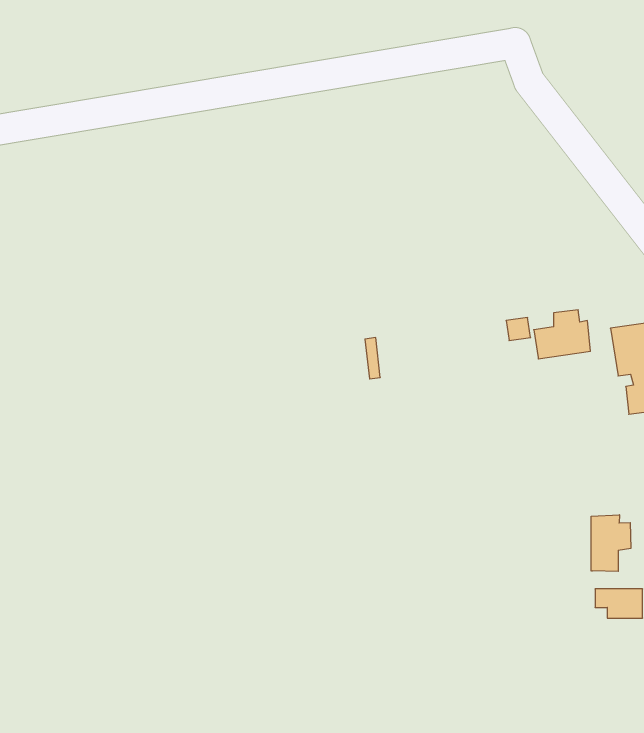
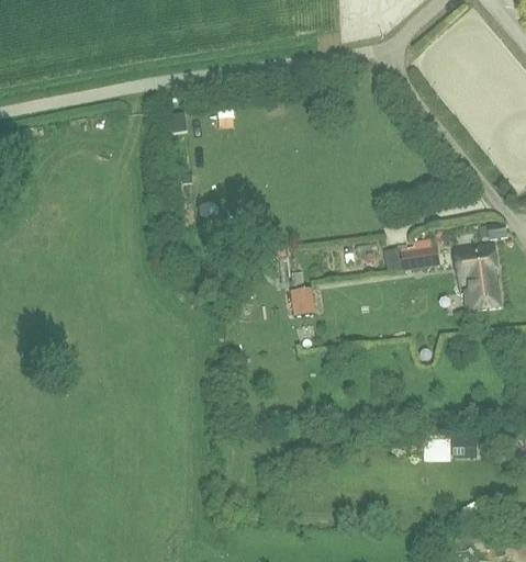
building: none -> [290,285,316,316]
building: [591,515,631,571] -> none

